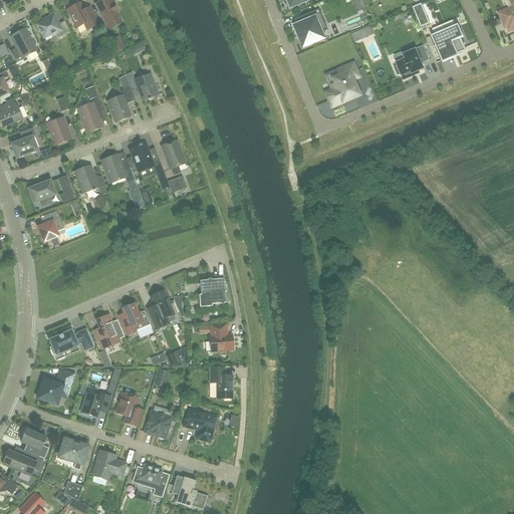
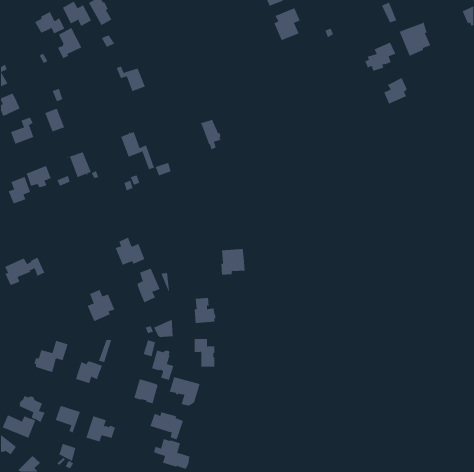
building: [10,25,37,61] -> [57,25,82,59]
building: [328,61,361,104] -> none
building: none -> [383,77,407,105]
building: [107,85,136,120] -> none
building: [77,96,102,134] -> none
building: [162,140,185,174] -> [200,119,221,150]
building: [101,154,138,190] -> none
building: [38,210,63,240] -> [8,176,31,204]
building: [199,277,226,306] -> [220,248,245,275]
building: [118,302,152,333] -> [115,237,145,266]
building: [49,328,93,359] -> [4,257,45,286]
building: [116,392,142,425] -> [151,350,174,381]
building: [133,464,170,495] -> [150,411,184,440]

